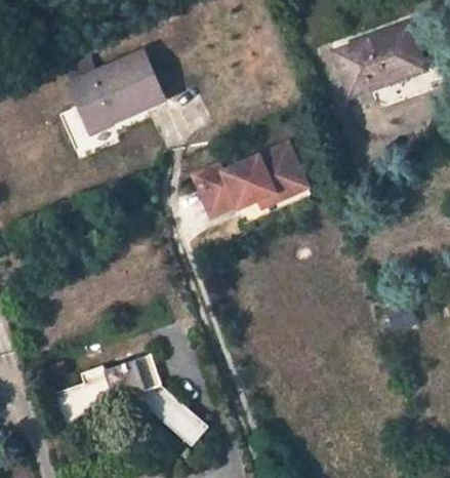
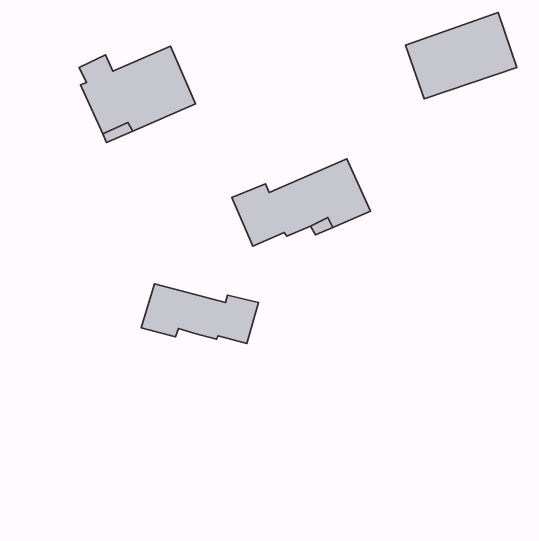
building: none -> [141,284,258,343]
building: [53,354,208,446] -> none

